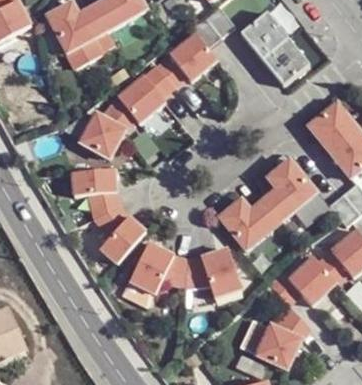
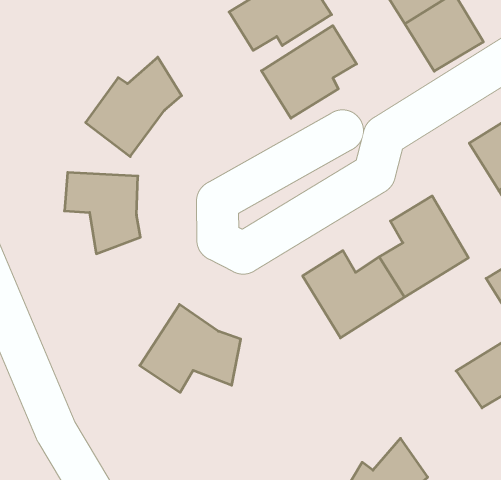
building: [117,65,173,123] -> [261,26,357,118]
building: [95,205,145,264] -> none
building: [185,248,241,298] -> none
building: [268,256,335,304] -> none

